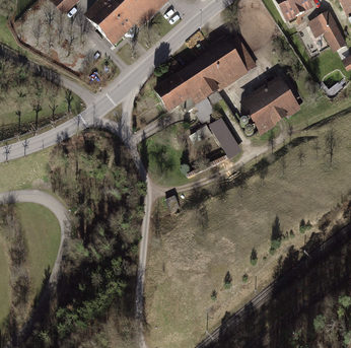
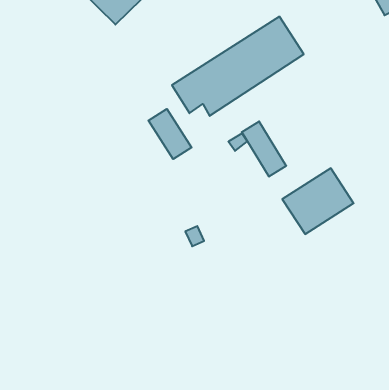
building: [243,79,297,129] -> [282,168,354,234]
building: none -> [148,109,192,159]

